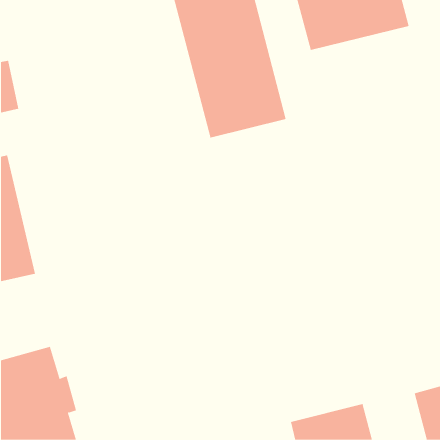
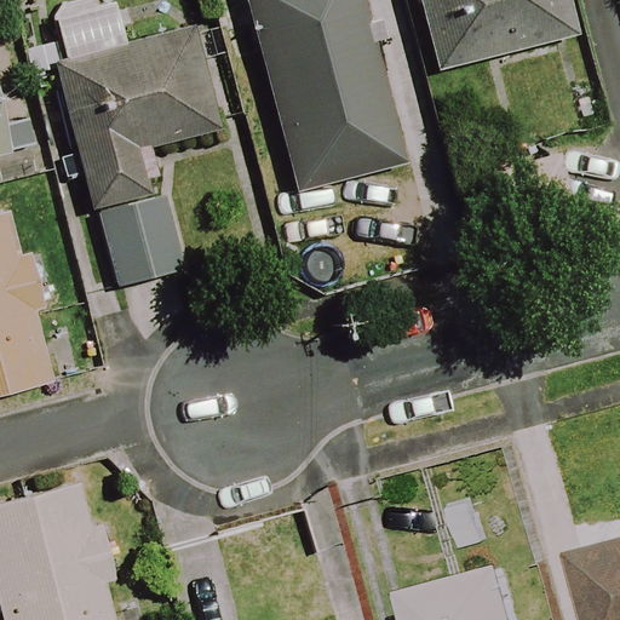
building: none -> [56,28,220,287]

